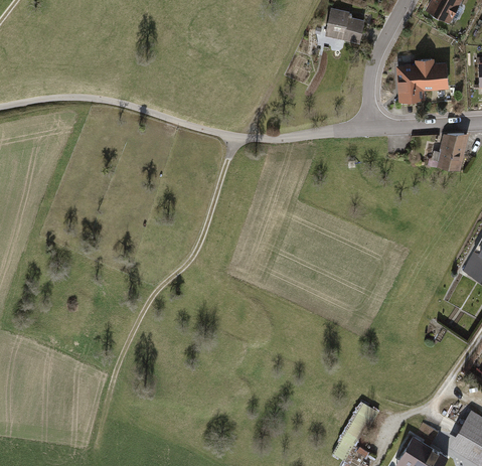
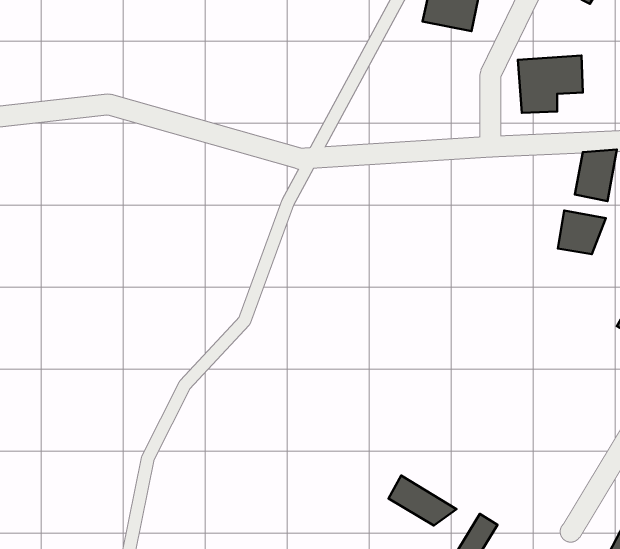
building: none -> [558,210,606,254]
building: none -> [388,476,457,526]

